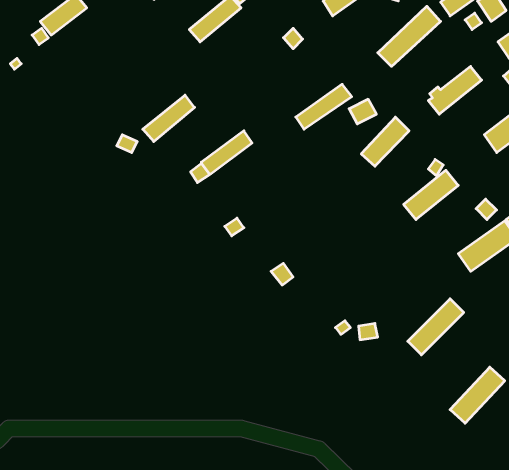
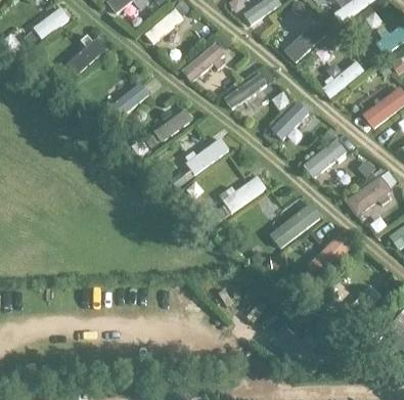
building: none -> [69,35,108,74]
building: none -> [184,43,224,80]
building: none -> [185,138,227,174]
building: none -> [222,176,264,212]
building: none -> [270,204,319,247]

